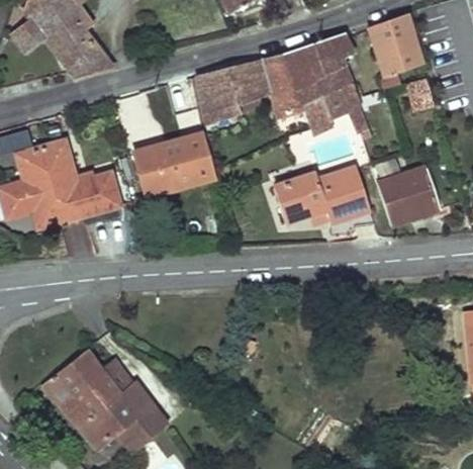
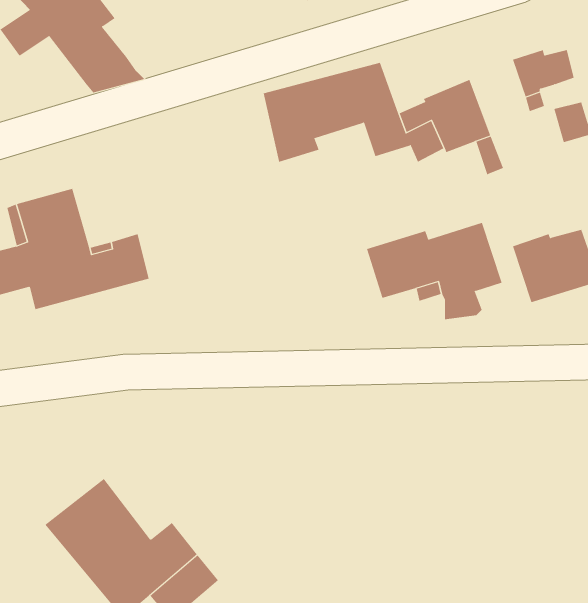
building: [370,14,416,51] -> none
building: [283,34,352,89] -> none
building: [136,132,218,195] -> none

